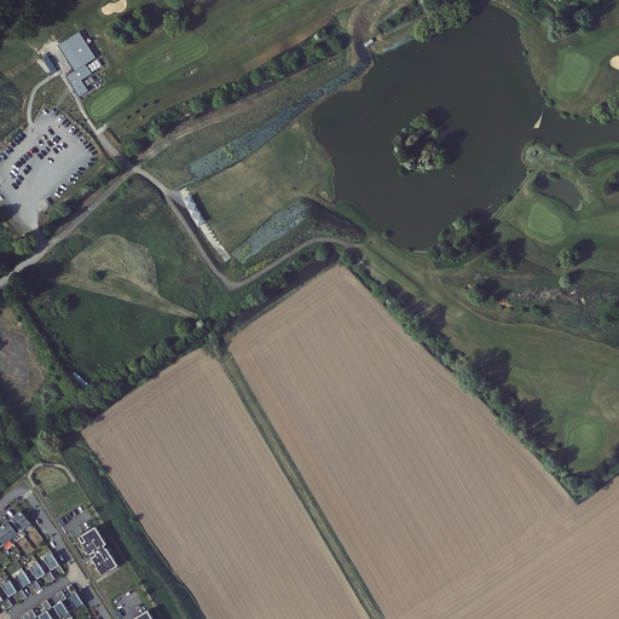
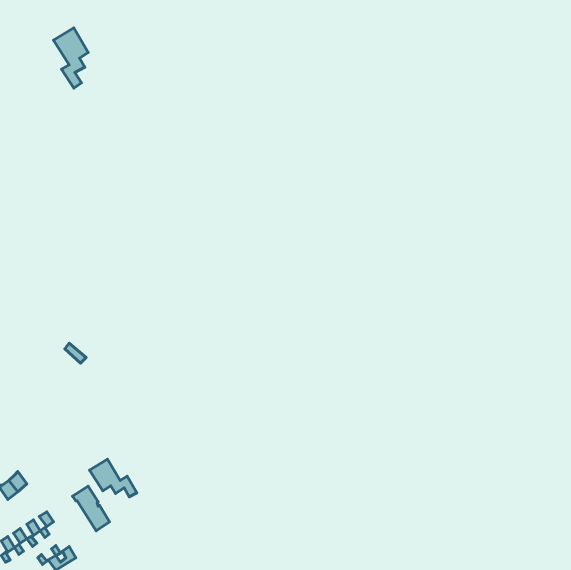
building: none -> [90,459,137,497]

